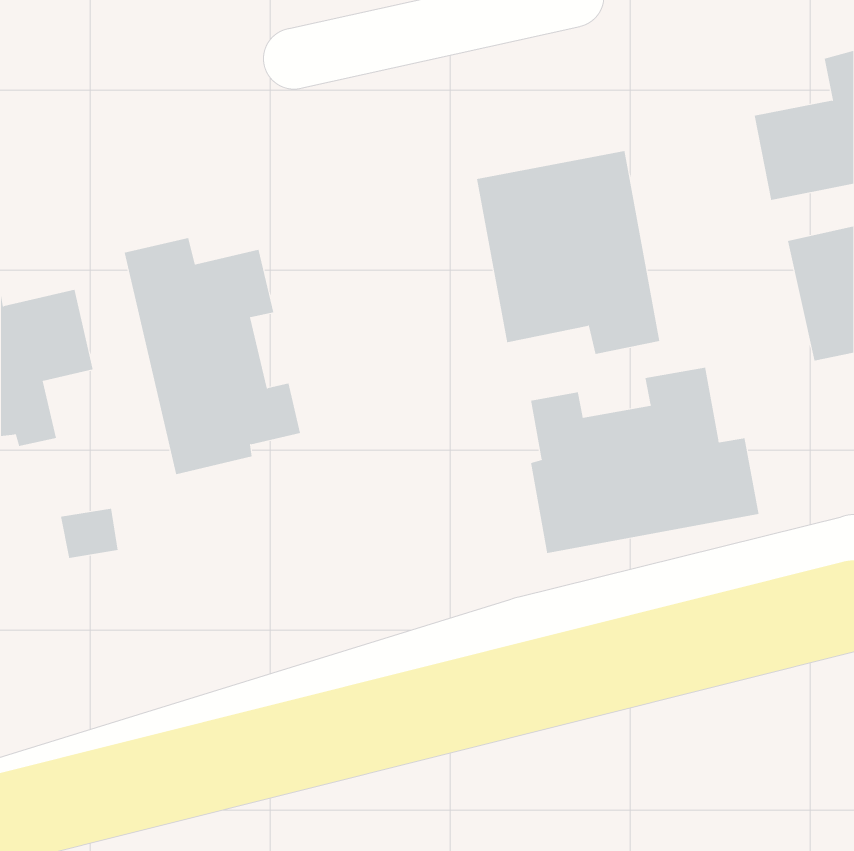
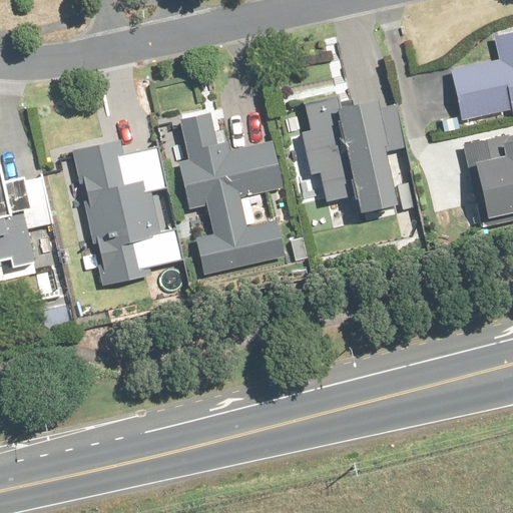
building: none -> [179,113,286,274]
building: [530,367,759,554] -> none

